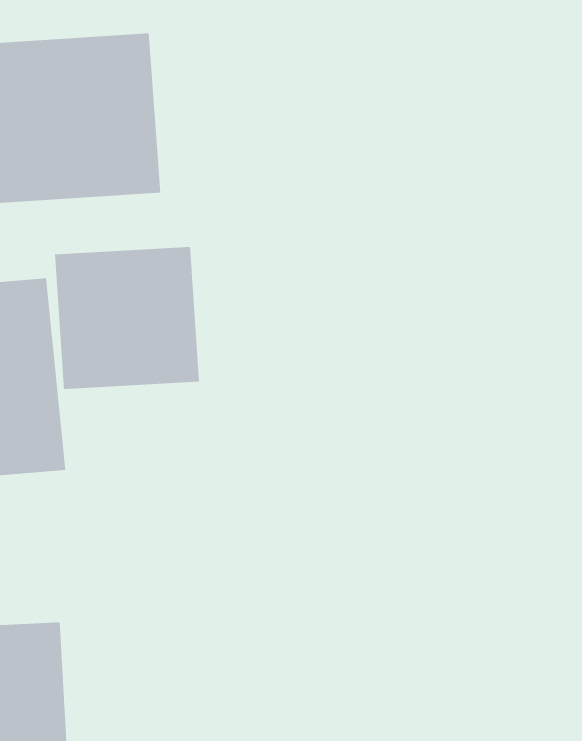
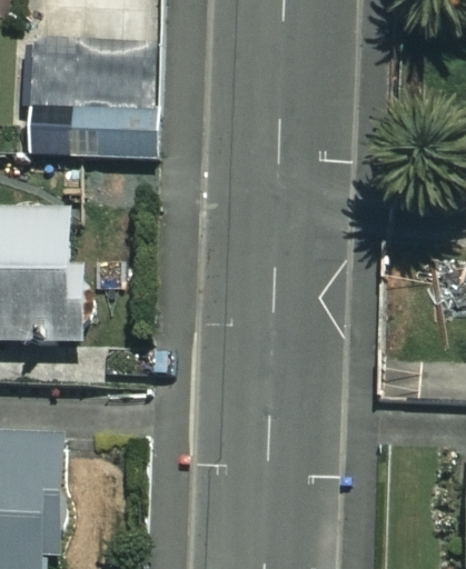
building: [55,246,199,390] -> none

